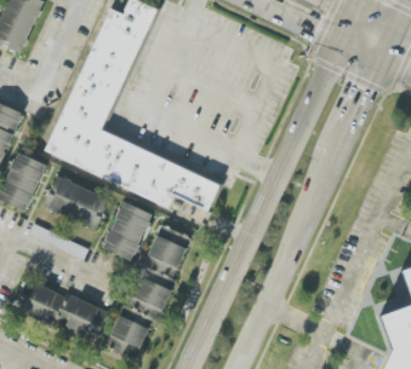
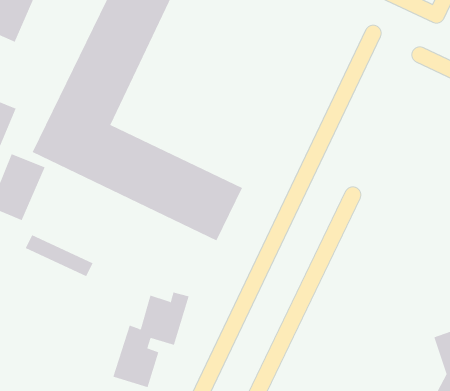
building: [41,177,109,231] -> none
building: [101,202,152,261] -> none
building: [144,226,189,278] -> none
building: [12,281,108,345] -> none

